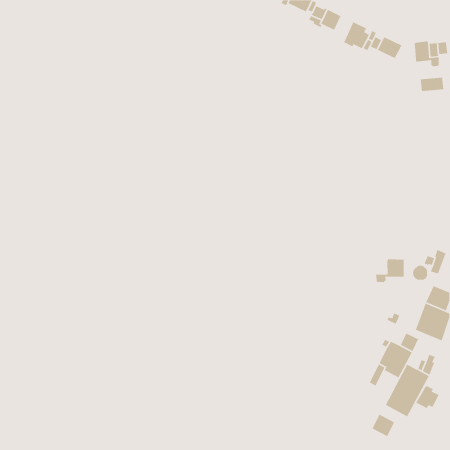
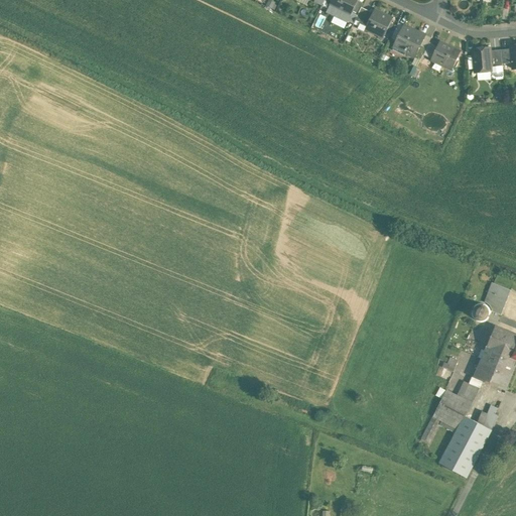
building: [420,77,444,92] -> none
building: [375,259,404,283] -> none
building: [415,385,440,409] -> none
building: [372,414,395,437] -> none

